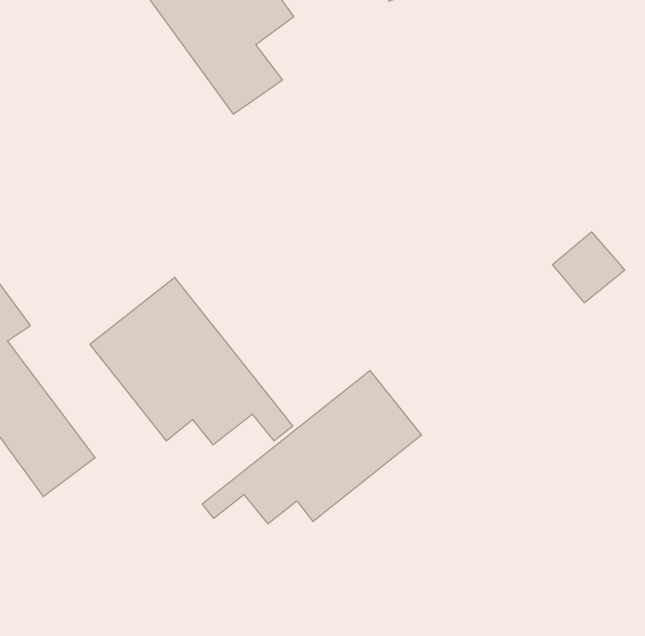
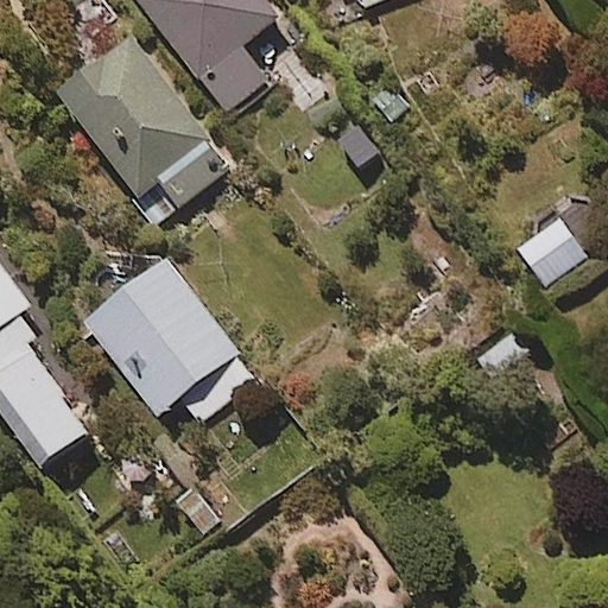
building: none -> [55,36,227,202]
building: [202,371,421,524] -> none

